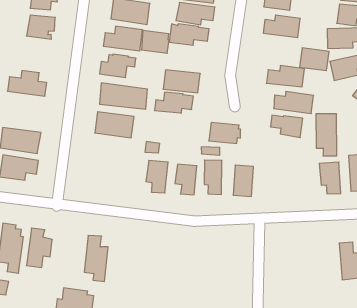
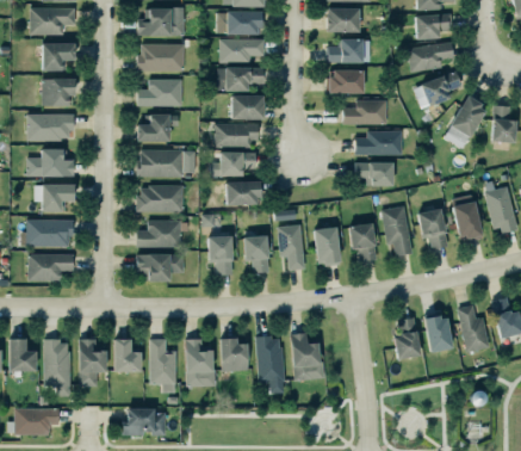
building: [141,31,169,53] -> [229,94,262,118]
building: none -> [29,115,74,141]
building: [300,48,329,71] -> [331,70,365,94]
building: none -> [37,186,76,212]
building: [316,114,337,156] -> [383,208,415,261]
building: [209,122,241,143] -> [224,180,262,204]
building: none -> [138,221,184,248]
building: none -> [347,222,376,260]
building: none -> [136,253,184,280]
building: none -> [112,338,139,371]
building: none -> [184,338,215,387]
building: none -> [219,336,248,371]
building: none -> [255,335,284,383]
building: none -> [392,316,420,358]
building: none -> [289,332,323,381]
building: none -> [427,316,453,352]

